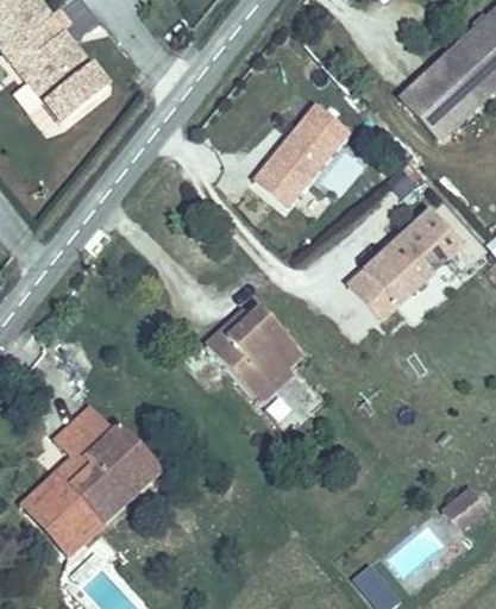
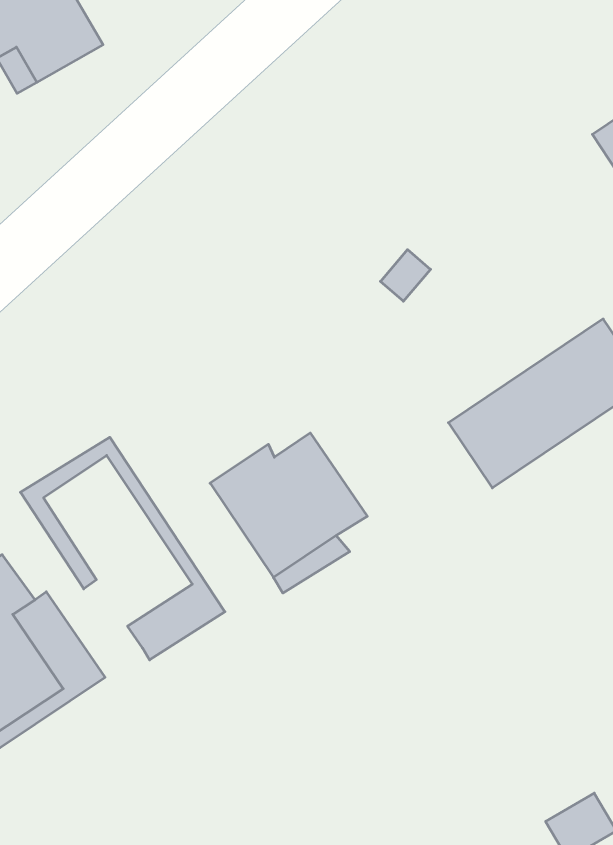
building: [251,99,345,202] -> none
building: none -> [20,437,225,660]

